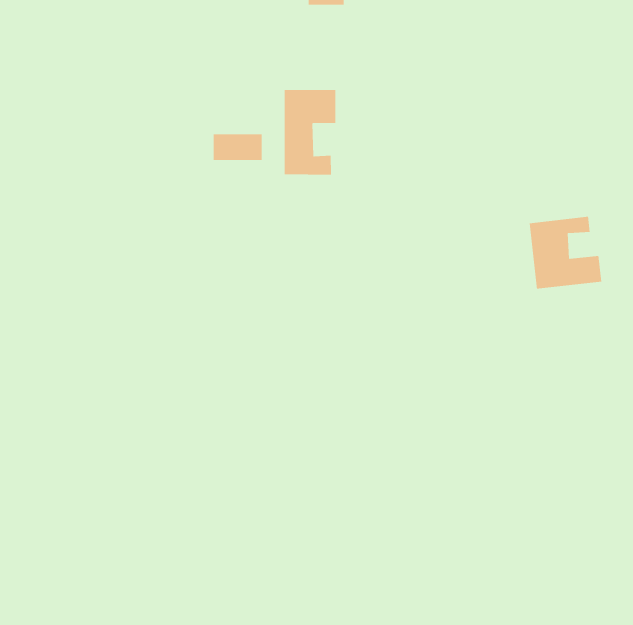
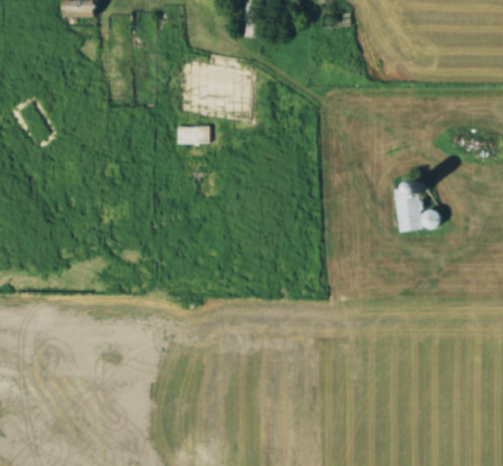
building: [284,89,336,176] -> none

